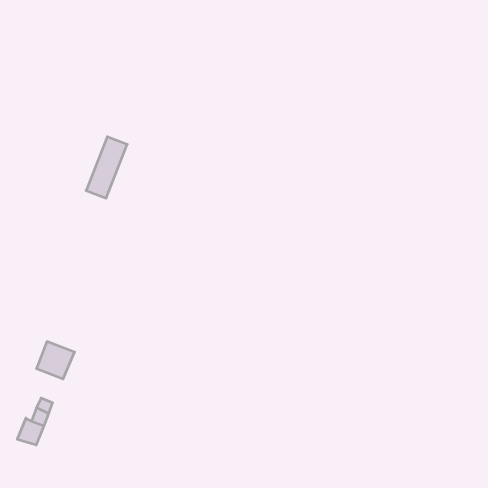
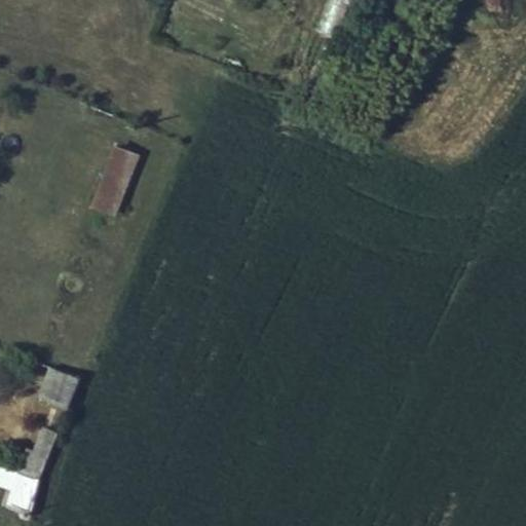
building: none -> [6,473,39,512]

